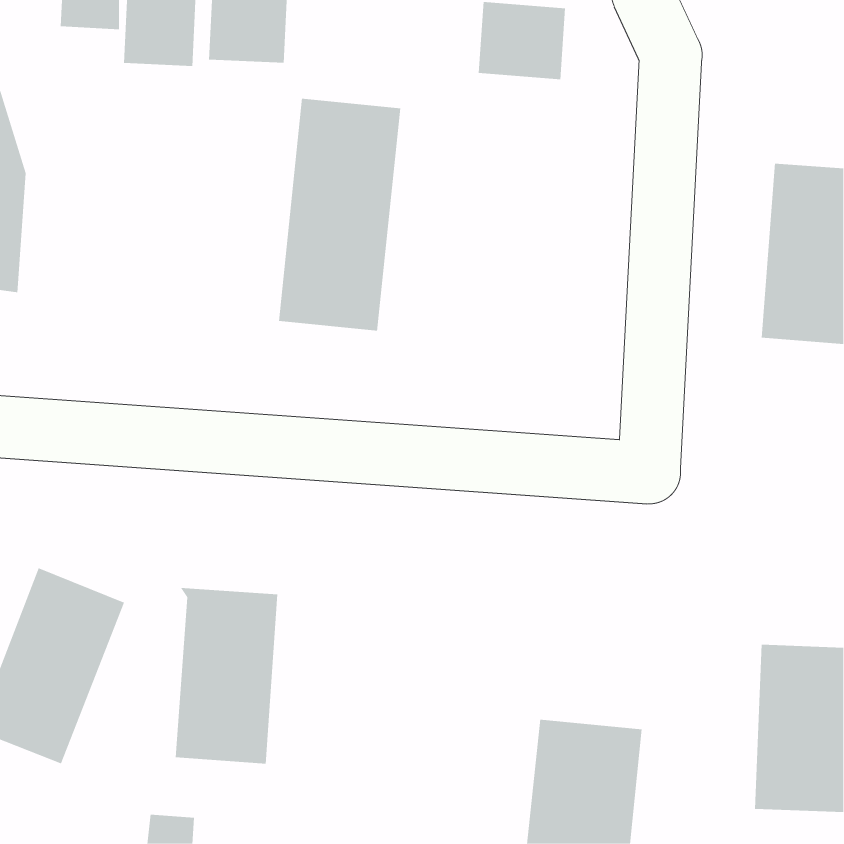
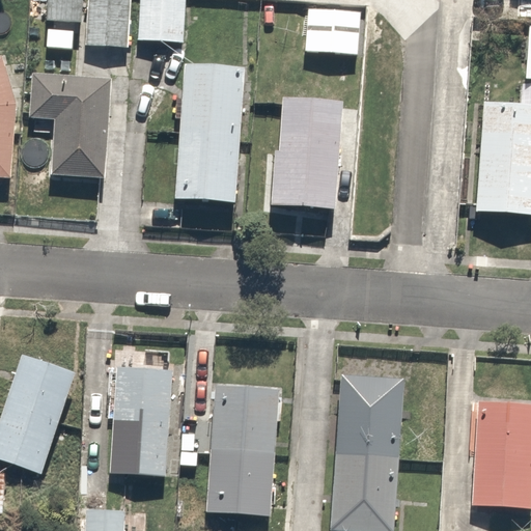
building: none -> [30,73,111,178]
building: none -> [270,93,344,208]
building: none -> [336,371,408,454]
building: none -> [206,385,280,515]

